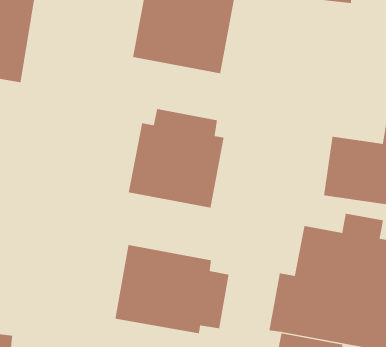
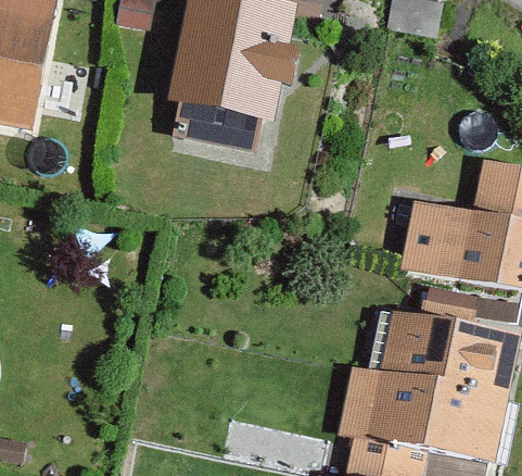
building: [128,108,224,209] -> none
building: [114,244,230,334] -> none

